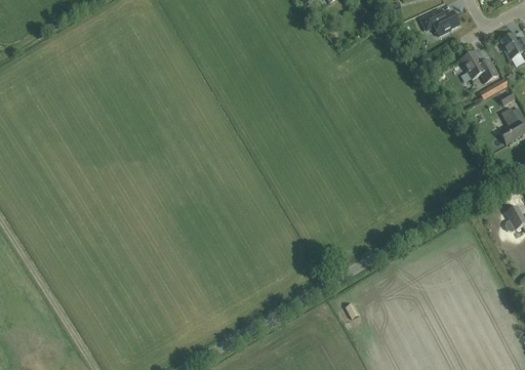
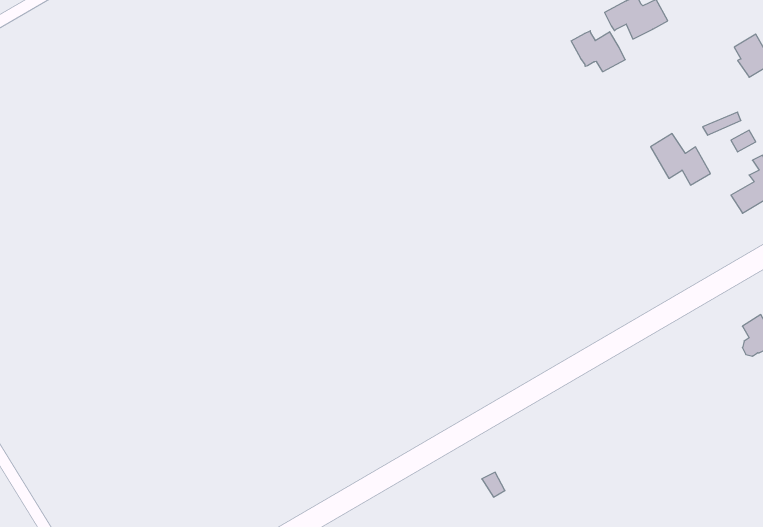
building: none -> [571,31,625,72]
building: [459,49,496,81] -> [651,134,710,185]

